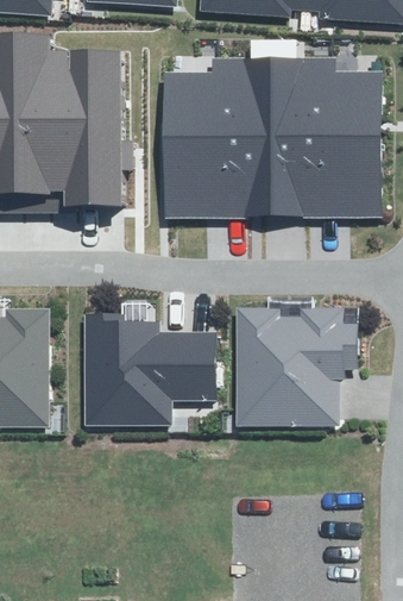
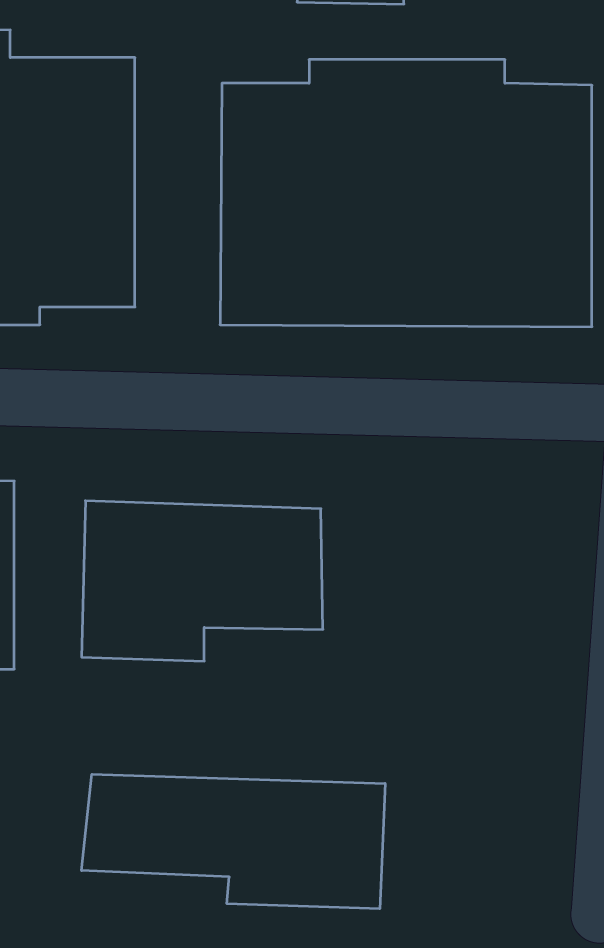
building: [227,311,336,433] -> none
building: none -> [82,774,385,909]

